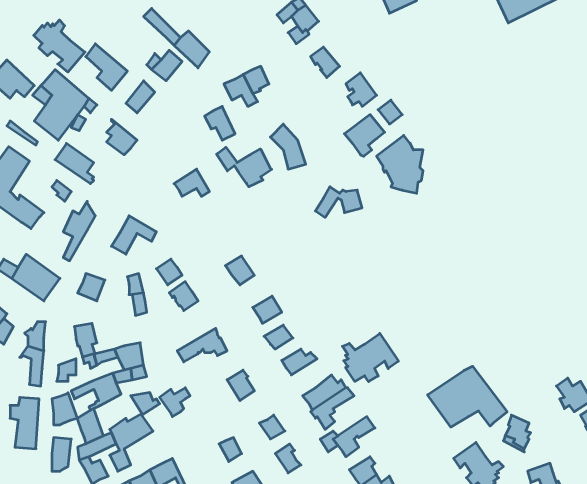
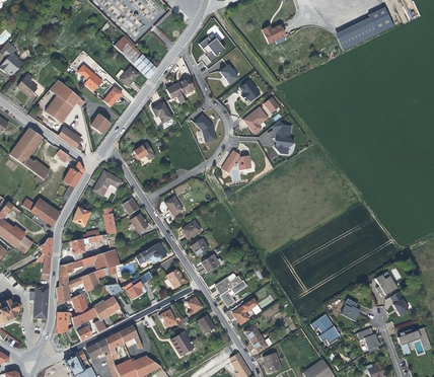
building: [34,20,85,72] -> none
building: [217,147,272,187] -> none
building: [342,333,398,382] -> none
building: [428,366,507,427] -> none

